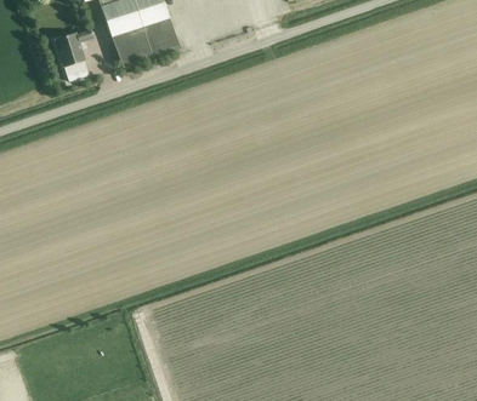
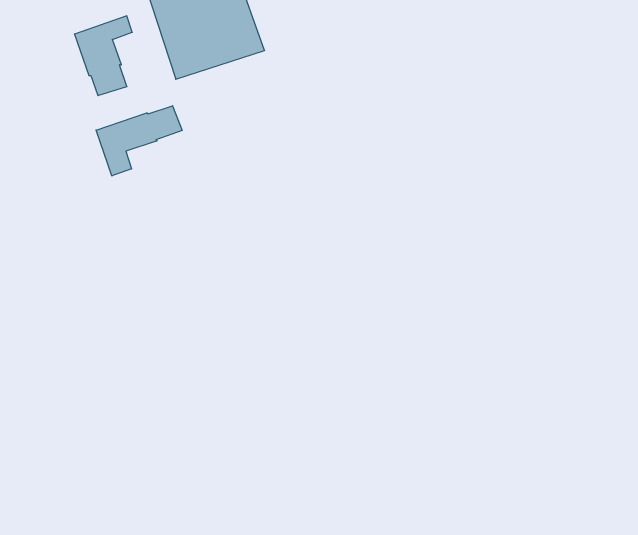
building: none -> [96,106,182,176]

